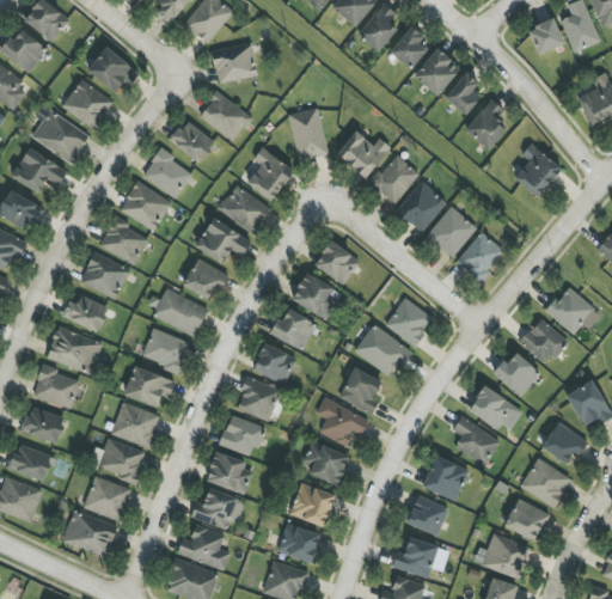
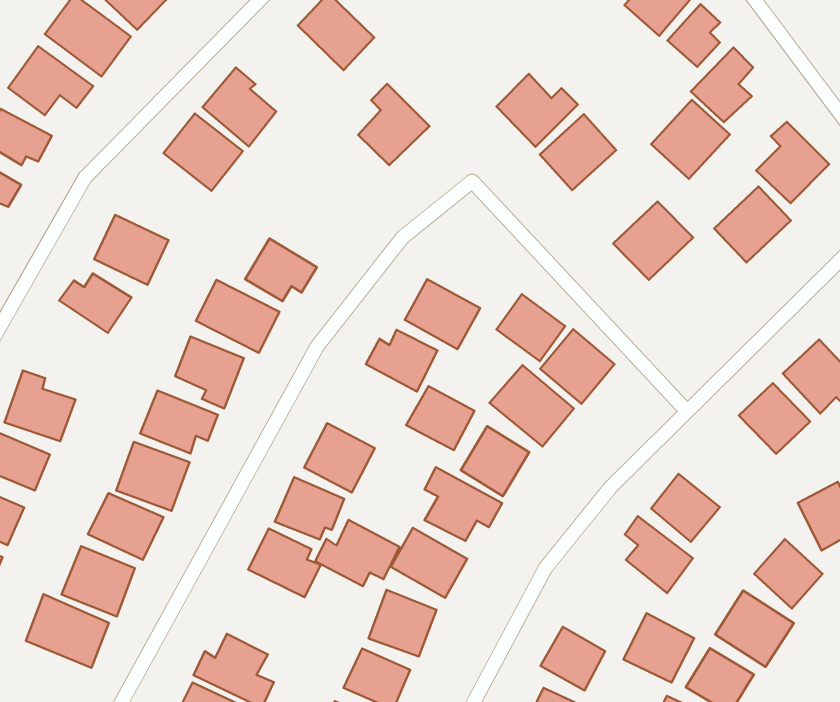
building: [288,108,329,161] -> none
building: [170,120,215,163] -> none
building: [396,181,447,233] -> [651,100,730,179]
building: [219,184,270,233] -> none
building: [99,218,149,265] -> none
building: [195,218,252,263] -> none
building: [455,231,506,282] -> [714,186,791,263]
building: [314,240,360,283] -> [496,294,565,361]
building: [47,328,103,373] -> none
building: [252,343,296,384] -> [406,386,474,450]
building: [492,353,540,396] -> none
building: [423,456,469,500] -> [623,613,694,683]
building: [190,487,245,530] -> [315,520,399,586]

